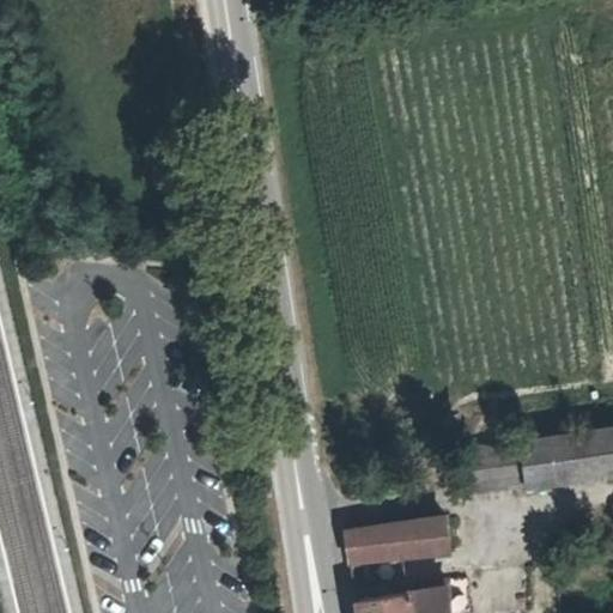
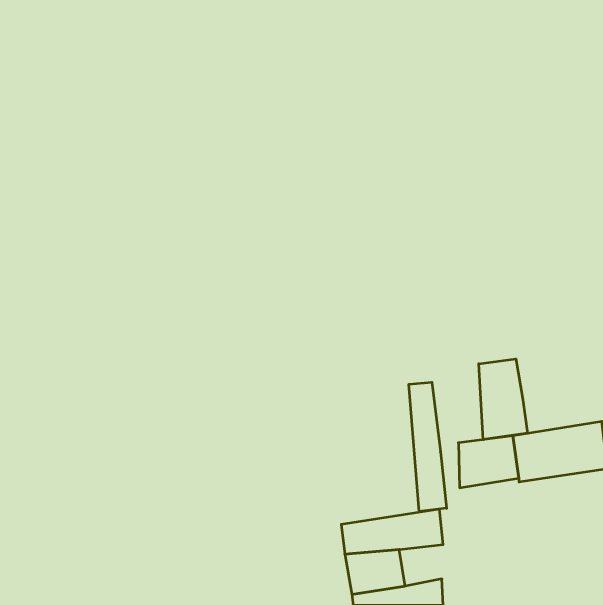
building: none -> [479,359,528,440]
building: none -> [409,382,447,512]

